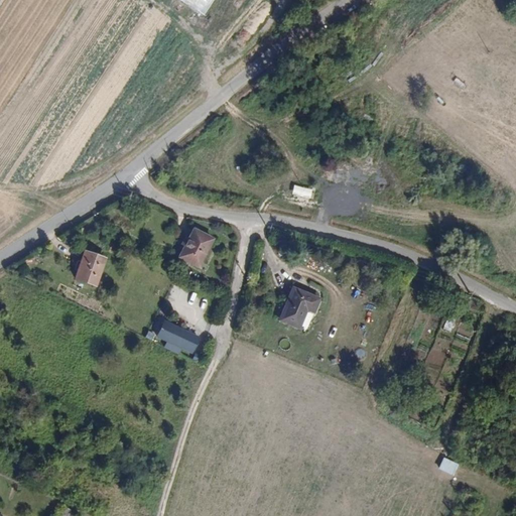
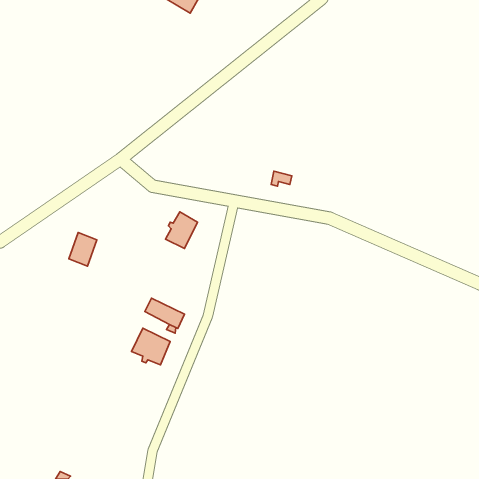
building: [280,285,320,325] -> none
building: none -> [132,328,170,365]

